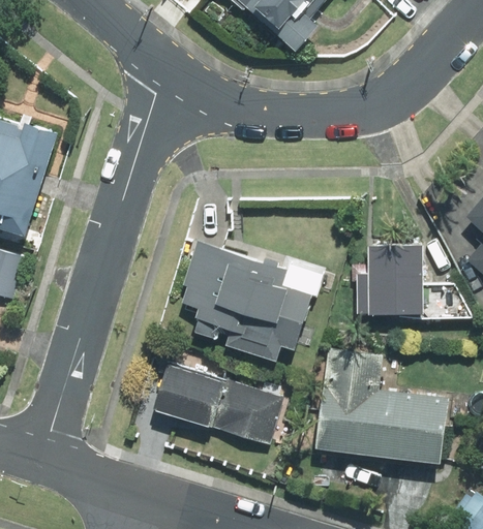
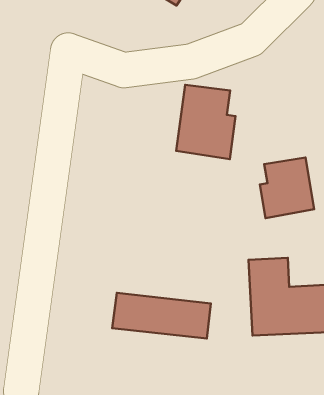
building: none -> [176,85,235,159]
building: [183,247,307,351] -> none

